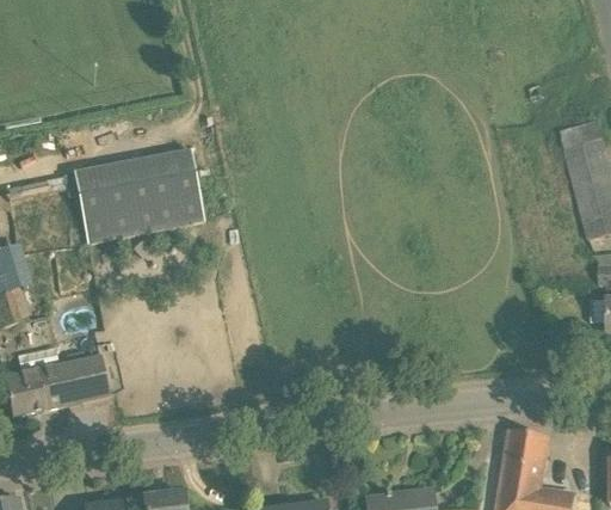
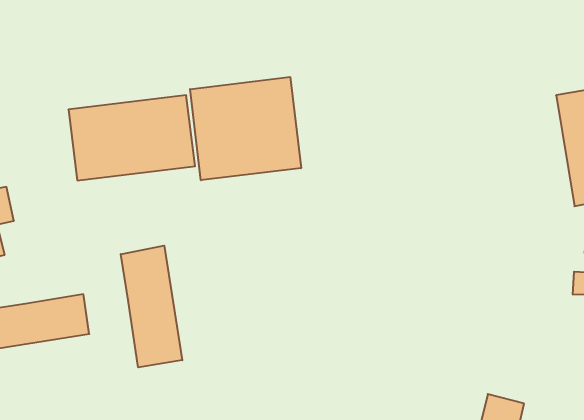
building: none -> [190,77,301,180]
building: none -> [121,246,182,367]

